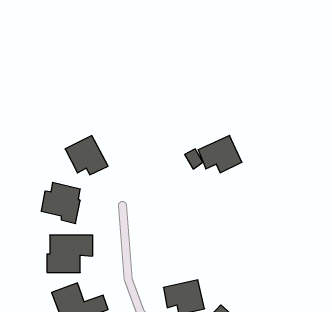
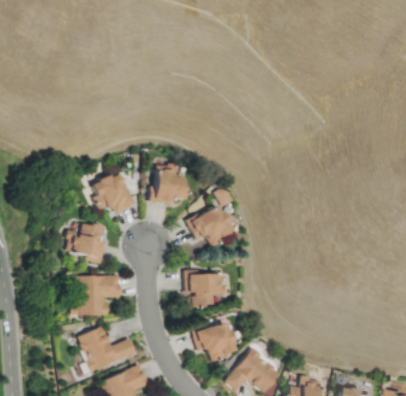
building: none -> [150,163,187,204]
building: [198,135,242,173] -> [187,205,233,244]
building: none -> [185,272,223,307]

